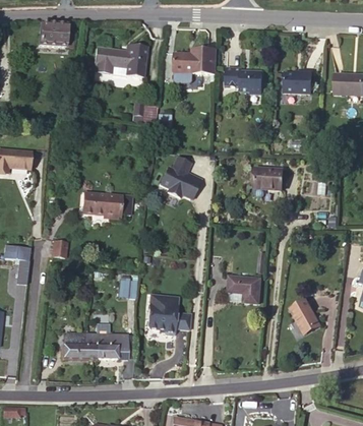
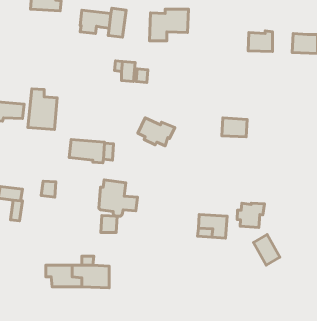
building: [226,67,262,95] -> none
building: none -> [28,89,57,130]
building: none -> [237,203,265,227]
building: [147,294,191,334] -> [99,180,138,216]

